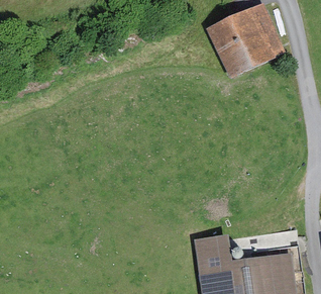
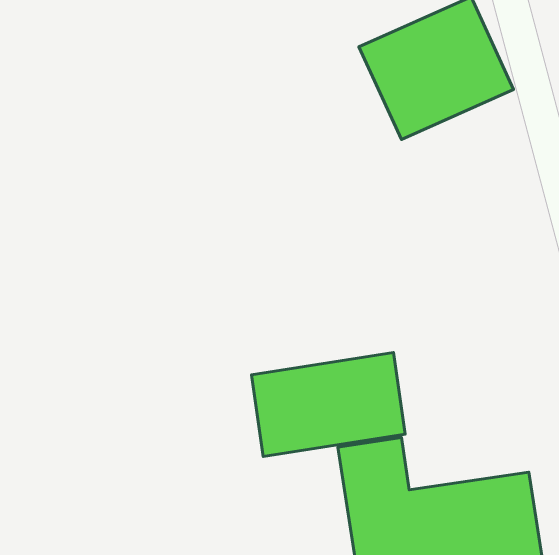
building: none -> [251,353,405,456]

